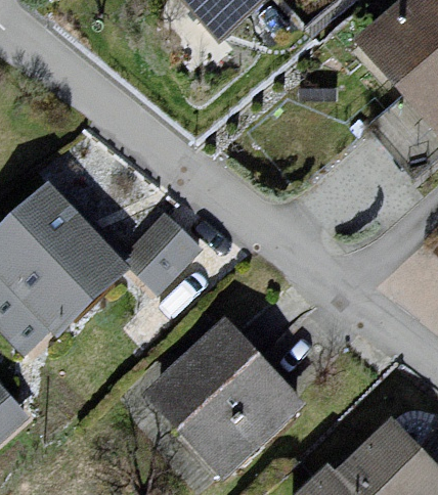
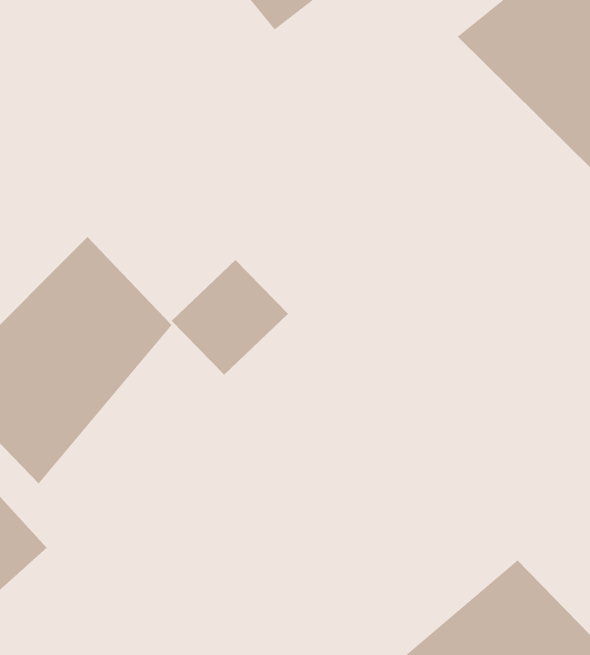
building: [139,322,296,480] -> none

